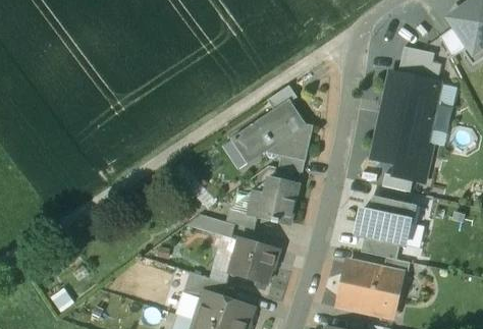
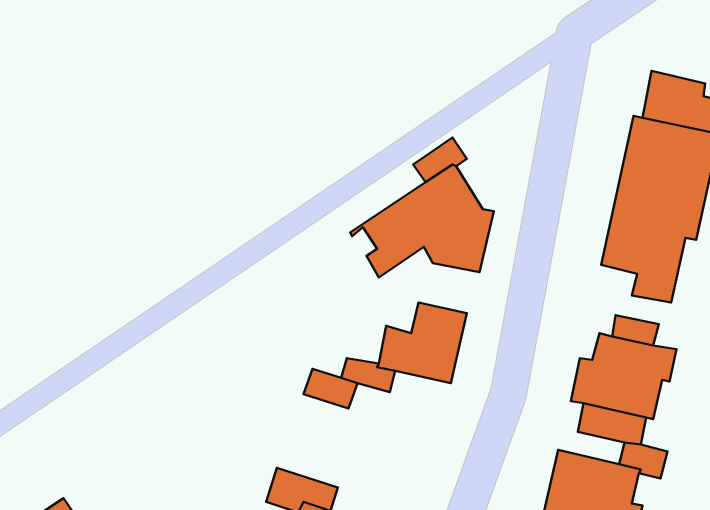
building: [228,238,280,282] -> none

